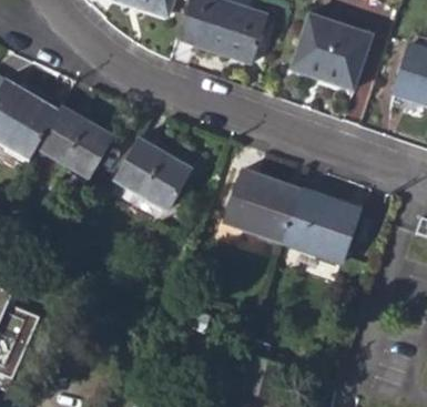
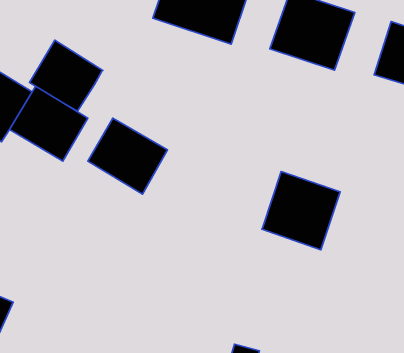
building: none -> [29,40,103,111]
building: [224,167,301,243] -> none

